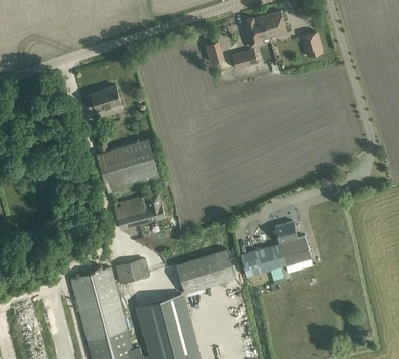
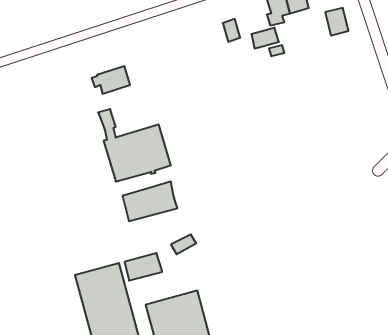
building: [241,221,311,276] -> none
building: [176,248,235,293] -> none

